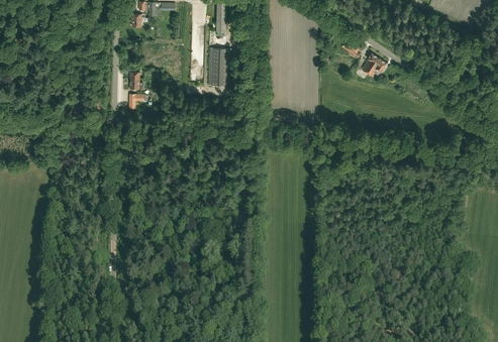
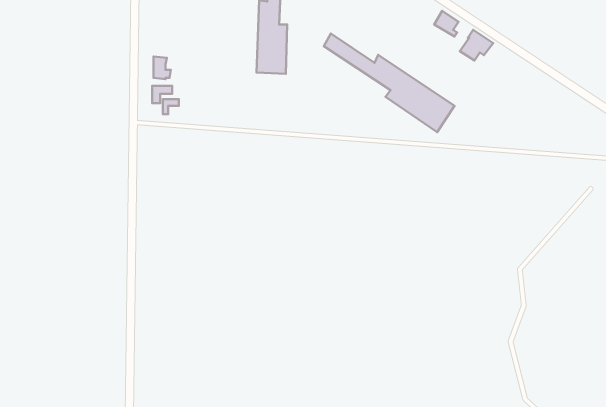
building: none -> [324,33,455,132]

